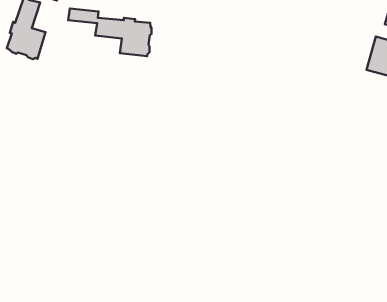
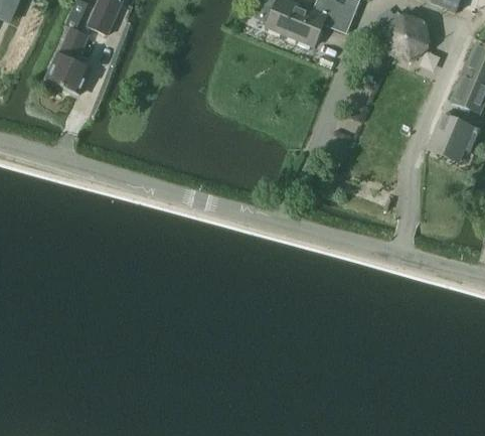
building: [68,9,152,56] -> none

